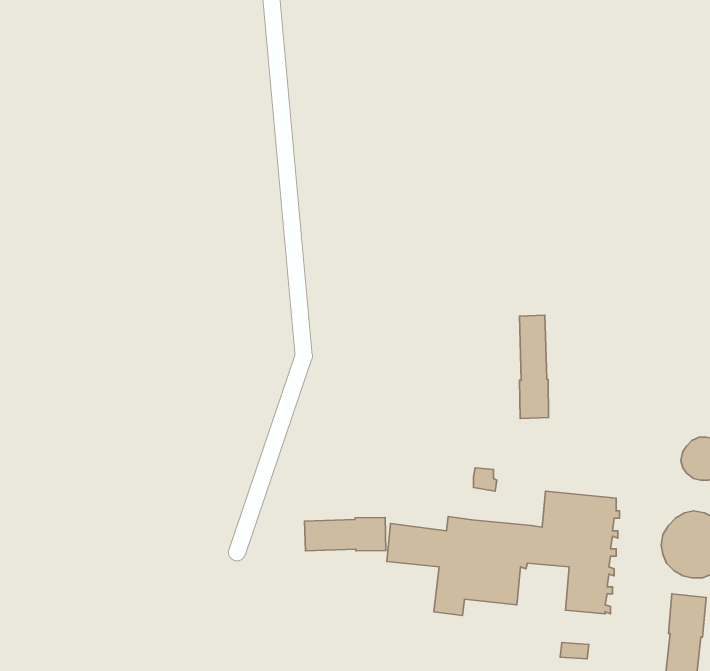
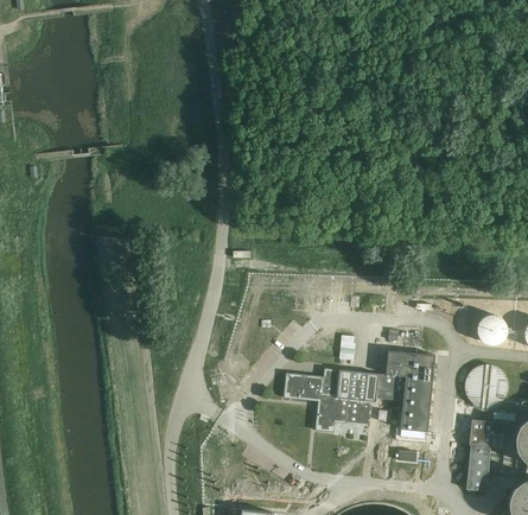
building: [519,315,549,418] -> none
building: [304,517,386,551] -> none

